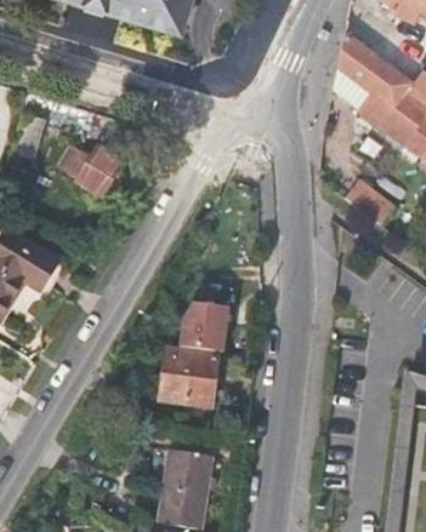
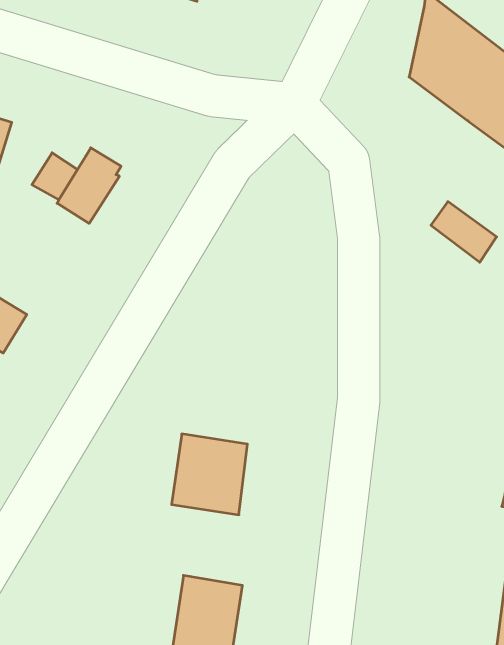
building: [181,303,232,353] -> none

